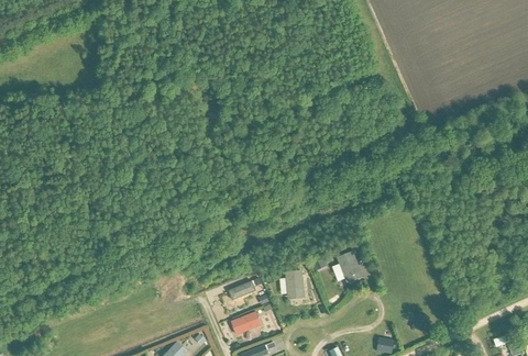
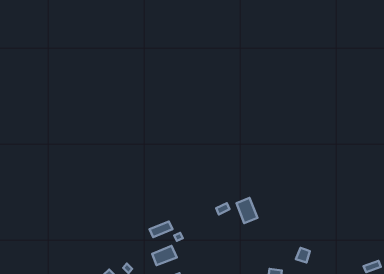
building: [286,269,306,299] -> none

